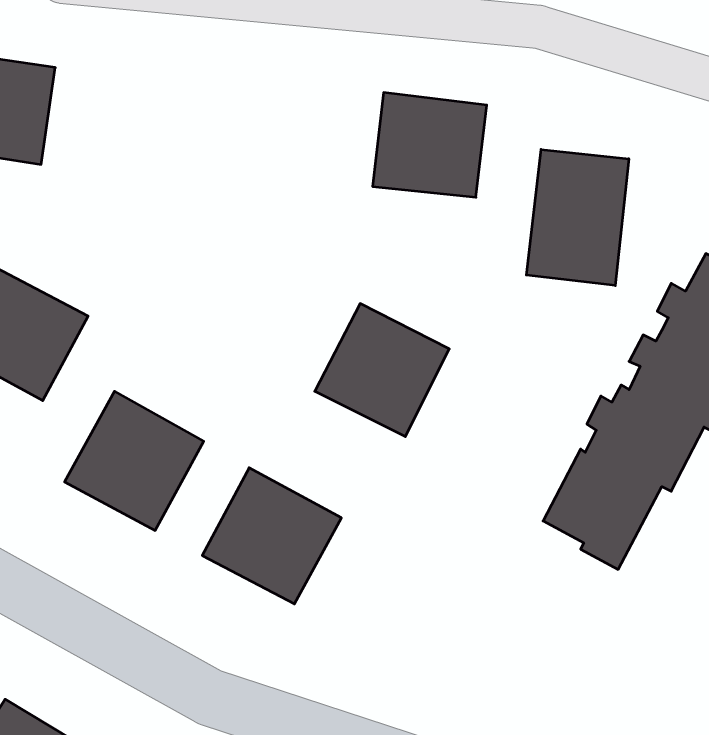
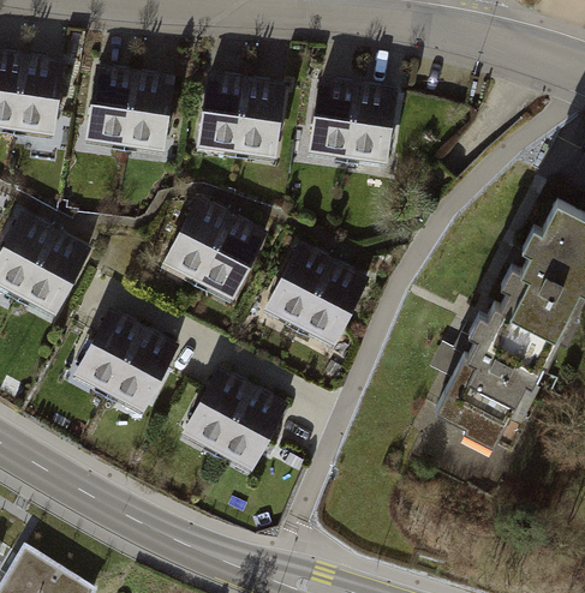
building: none -> [83,66,173,152]
building: none -> [197,74,283,161]
building: [526,149,629,286] -> none
building: none -> [163,197,269,301]

